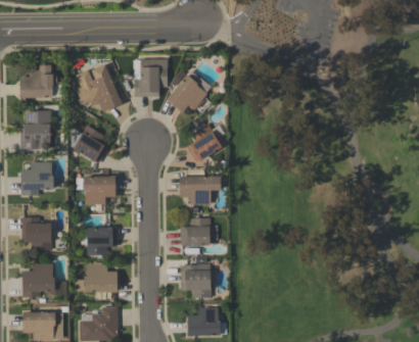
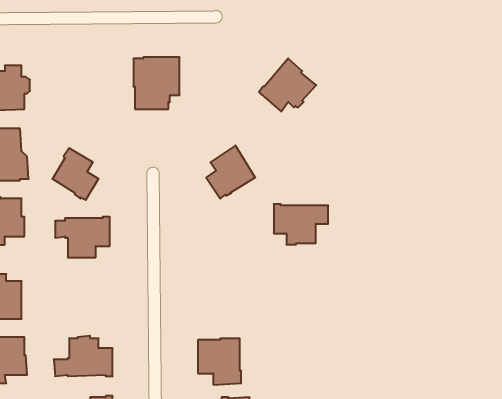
building: [75,63,122,111] -> none
building: [166,74,207,112] -> [259,58,316,112]
building: [180,175,220,204] -> [274,204,328,245]
building: [180,217,210,245] -> none
building: [87,226,117,254] -> none

